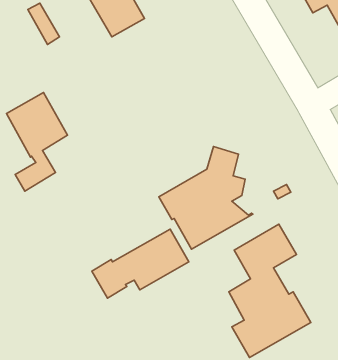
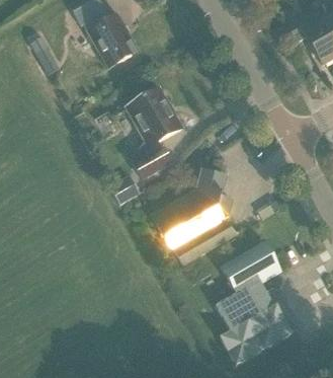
building: [6,93,68,191] -> [124,87,181,178]
building: [92,229,189,298] -> none

